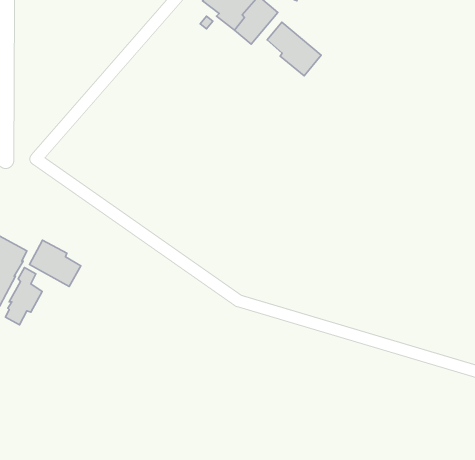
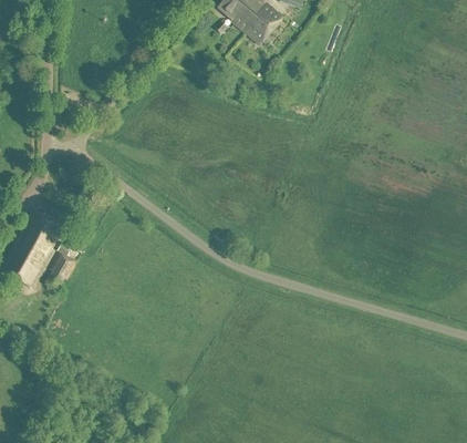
building: [267,22,321,76] -> none
building: [30,240,81,287] -> none

